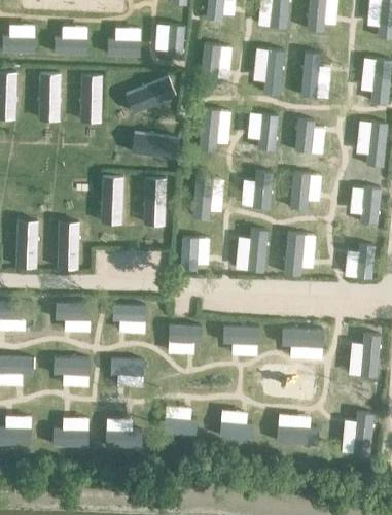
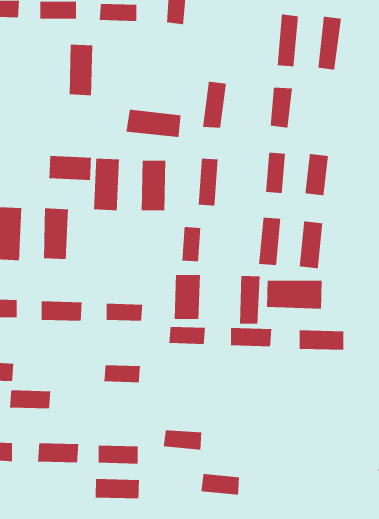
building: [200,42,220,87] -> none
building: [37,74,60,121] -> none
building: [123,77,176,115] -> none
building: [294,118,316,153] -> none
building: none -> [48,155,92,181]
building: none -> [174,274,201,320]
building: none -> [239,275,260,324]
building: none -> [266,280,322,309]
building: [52,358,90,376] -> [9,390,51,409]
building: [218,421,253,441] -> [200,473,240,495]
building: [276,425,319,446] -> none
building: none -> [95,478,140,499]

